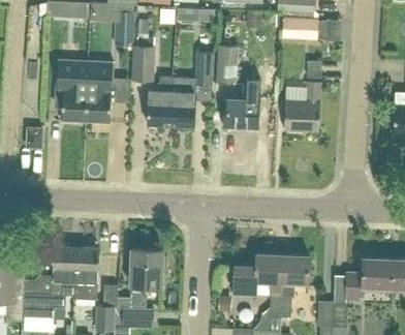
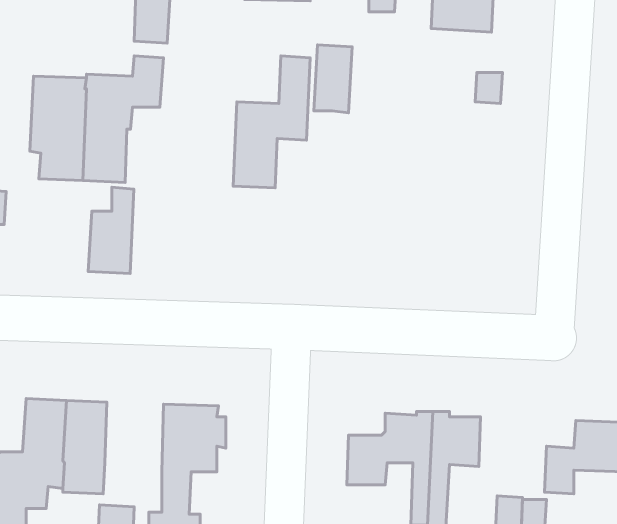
building: [132,48,154,83] -> none
building: [147,78,173,126] -> [88,187,134,273]
building: [223,81,260,130] -> none
building: [283,83,320,132] -> none

